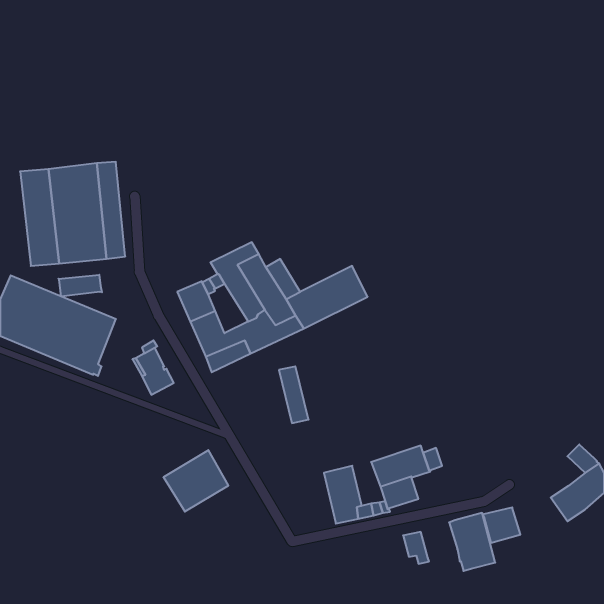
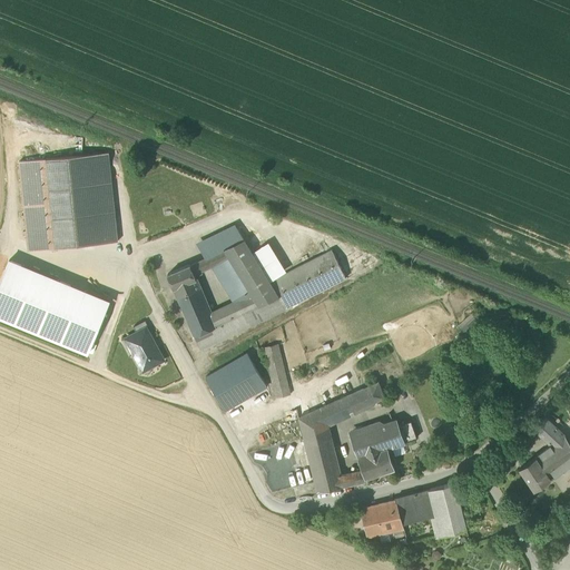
building: [58,275,102,296] -> none
building: none -> [298,383,384,445]
building: [163,450,228,512] -> [205,353,266,411]
building: [483,507,520,543] -> [395,492,431,525]
building: none -> [361,504,394,538]

